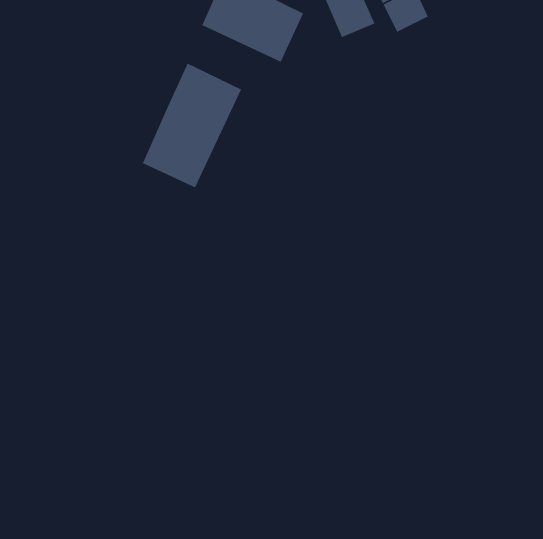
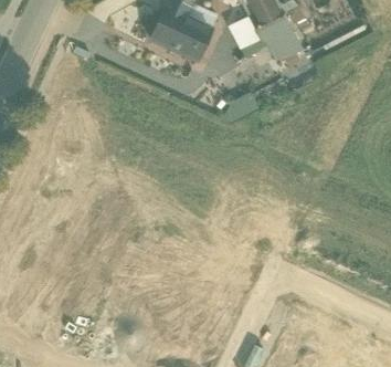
building: [142,62,242,189] -> none

